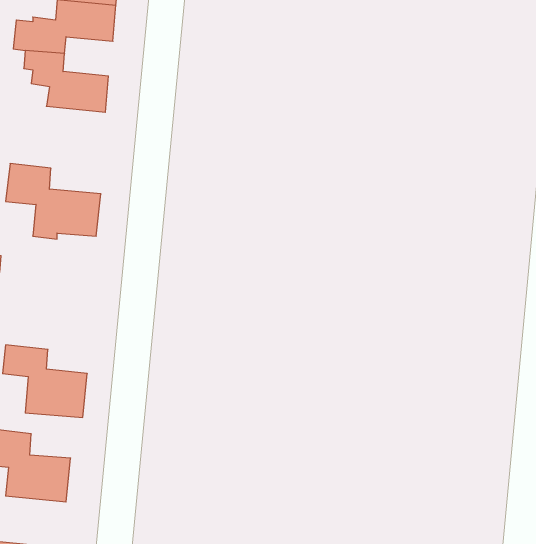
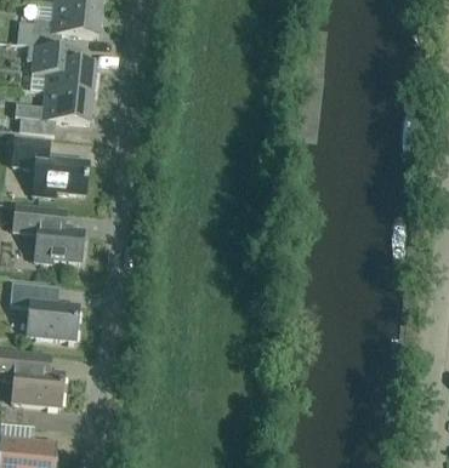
building: none -> [15,90,91,135]
building: none -> [12,205,83,262]

